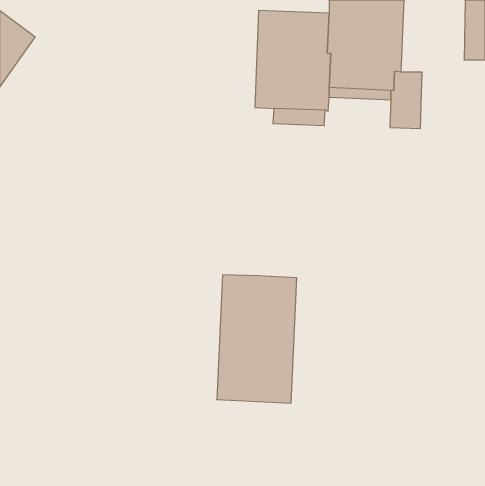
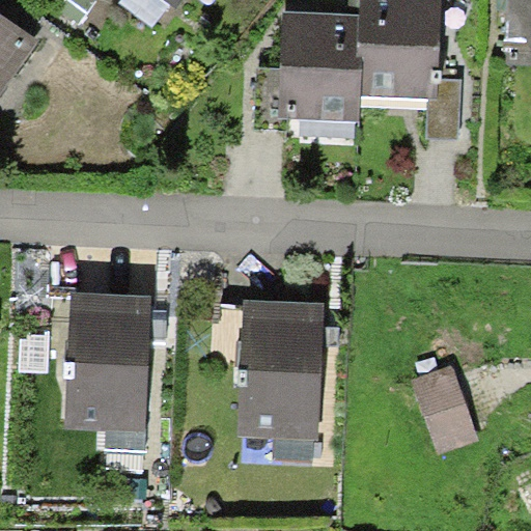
building: none -> [64,292,149,430]
building: none -> [410,366,477,455]

